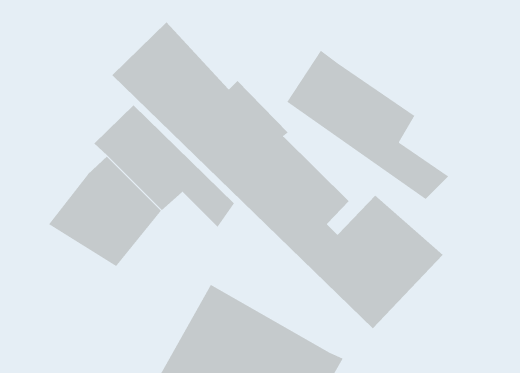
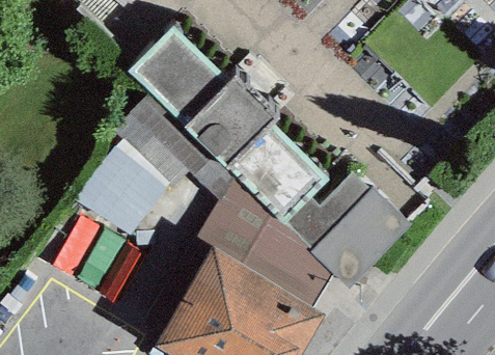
building: [286,50,449,200] -> none
building: none -> [195,181,331,307]

